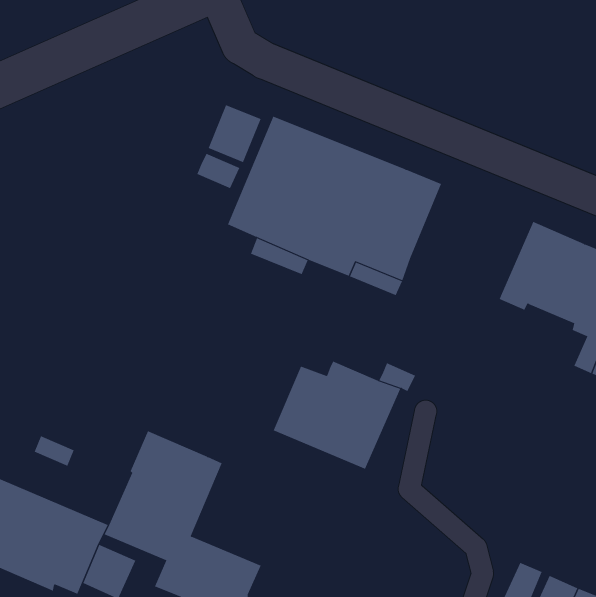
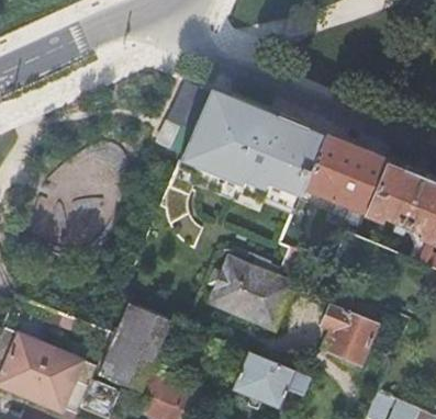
building: none -> [305,136,388,212]
building: none -> [324,291,385,366]
building: none -> [234,352,312,410]

